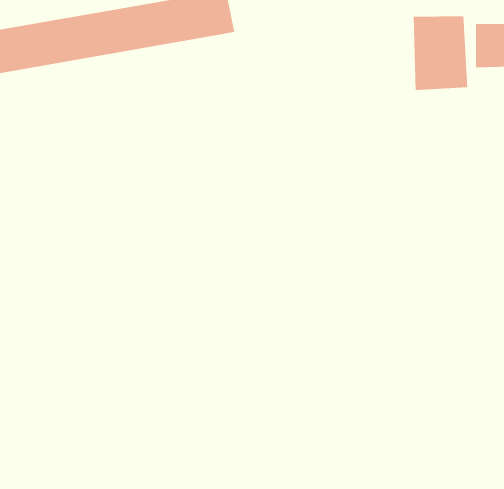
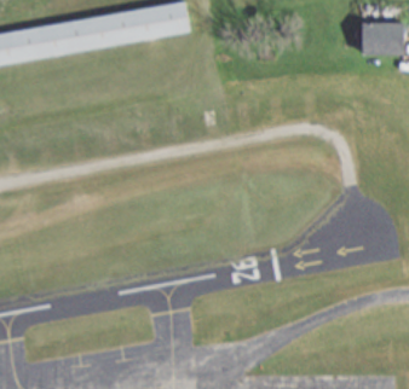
building: [413,15,468,91] -> none

